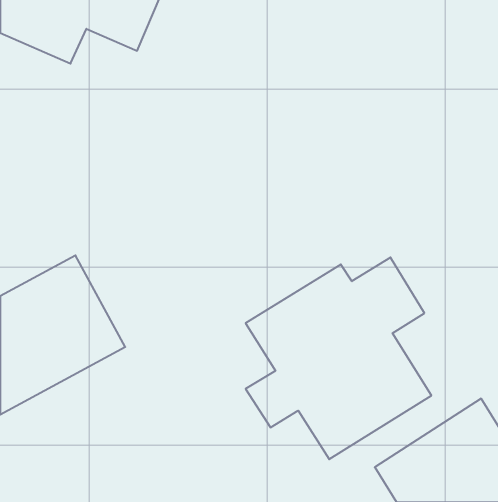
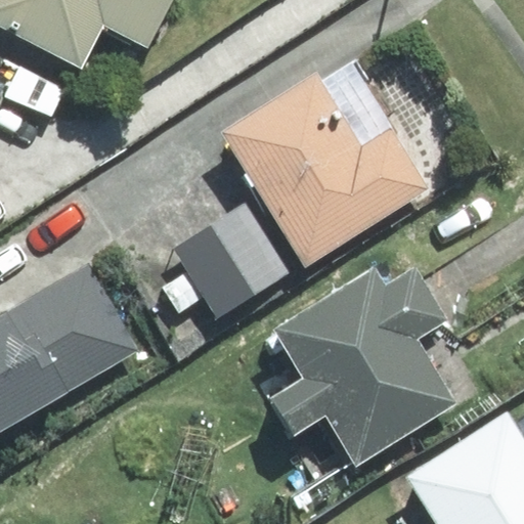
building: none -> [222,78,429,267]
building: none -> [172,199,290,313]

